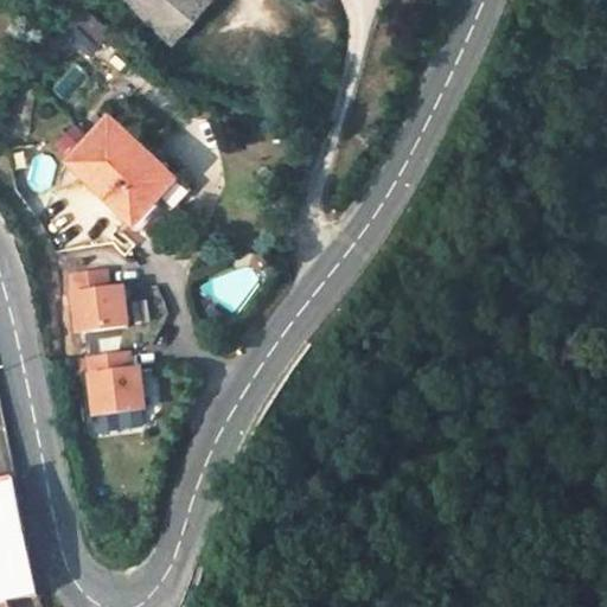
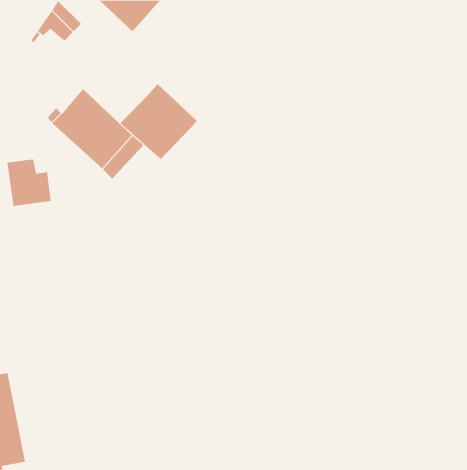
building: none -> [120,83,198,160]
building: [66,270,124,332] -> [6,159,51,207]
building: [85,351,142,416] -> none

